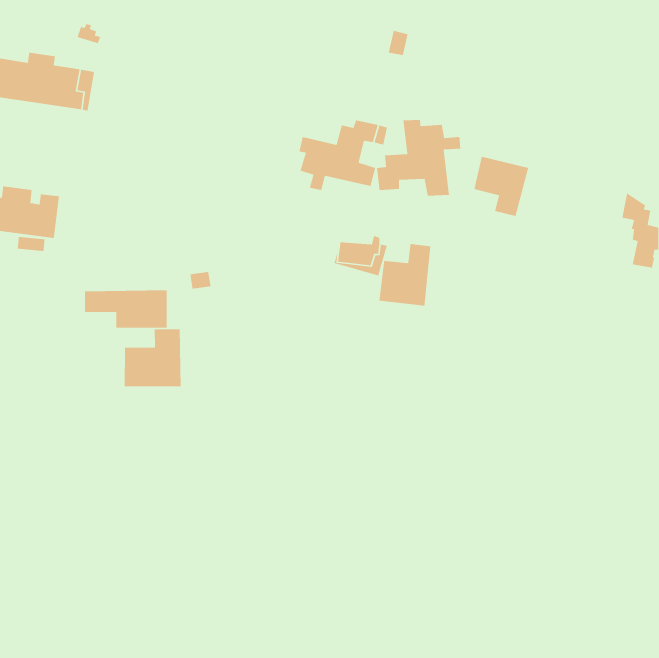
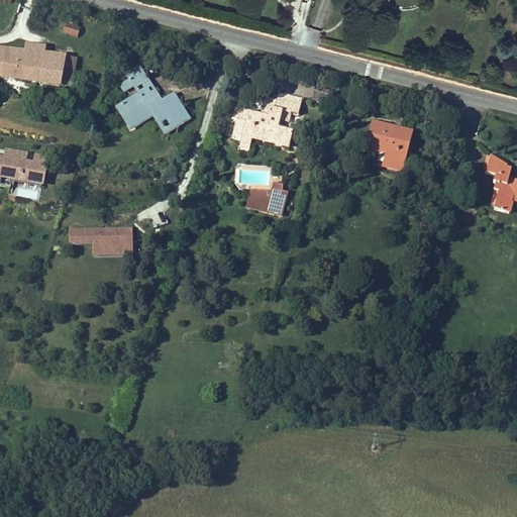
building: none -> [118,65,187,131]
building: [376,119,461,197] -> none
building: [378,243,431,307] -> none
building: [124,328,181,387] -> none

